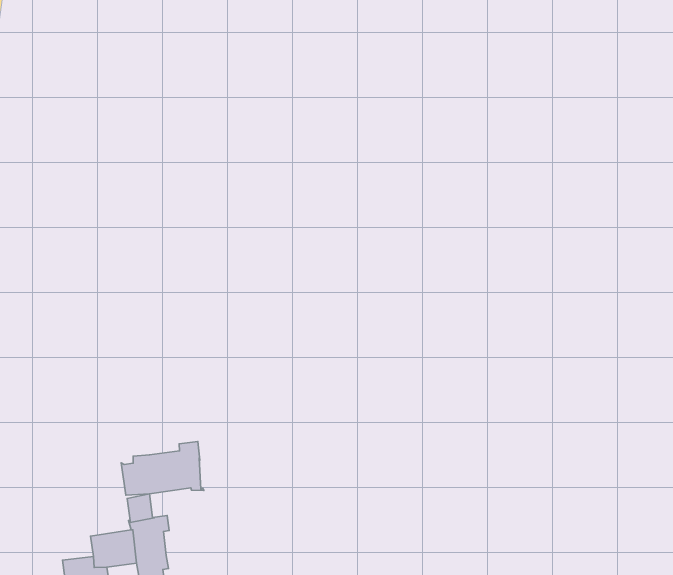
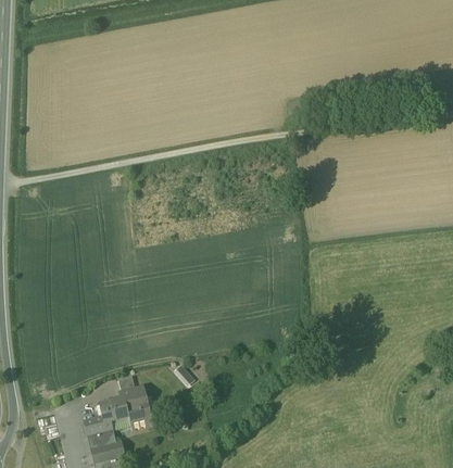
building: [121,442,204,495] -> none

